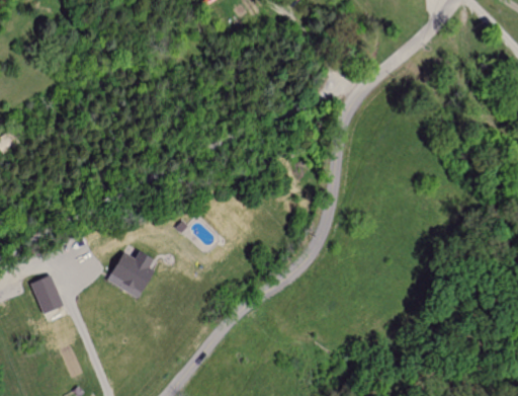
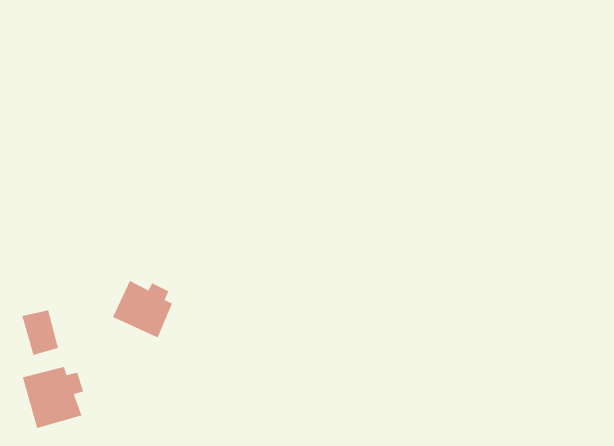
building: none -> [22,366,84,429]

